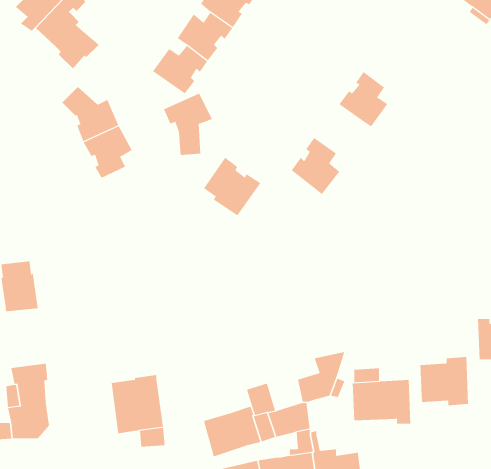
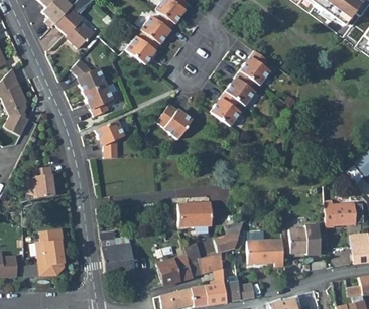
building: [163,93,213,155] -> [95,120,125,158]
building: none -> [225,70,255,106]
building: none -> [178,202,212,226]

